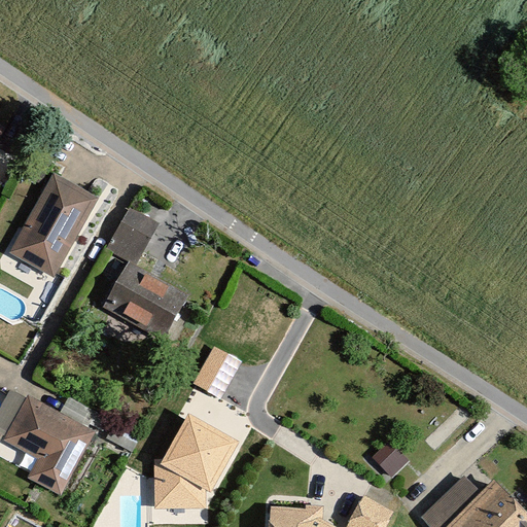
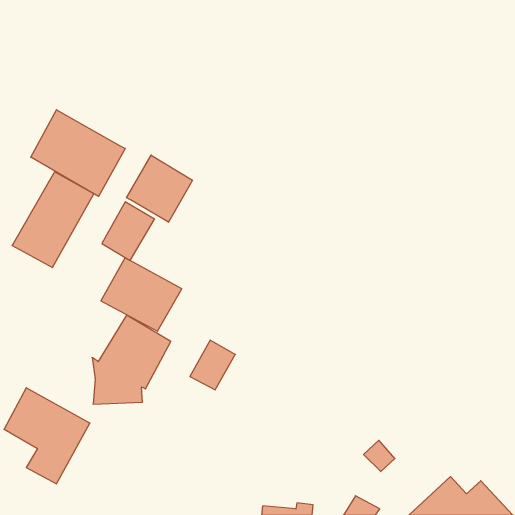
building: none -> [31,110,125,196]
building: none -> [126,155,192,222]
building: [154,415,235,505] -> [92,315,171,404]

